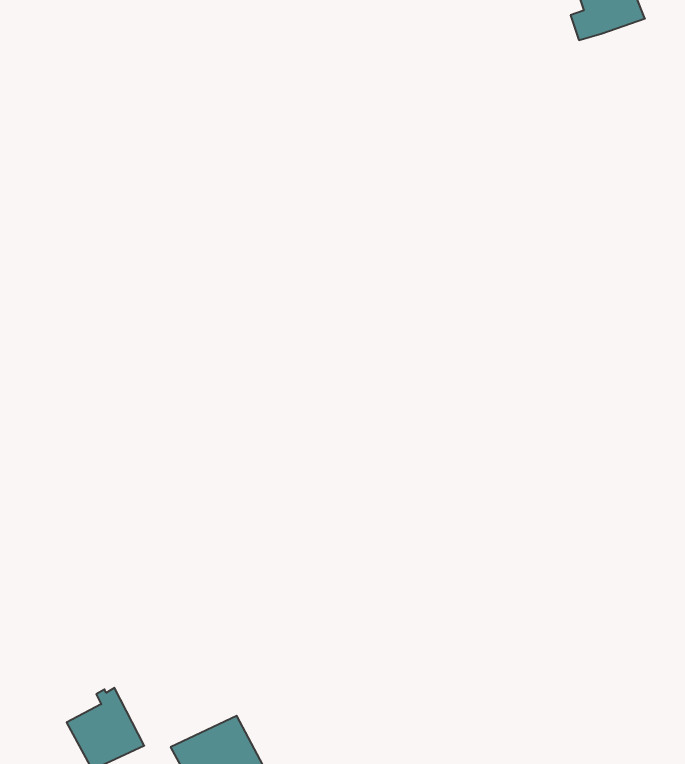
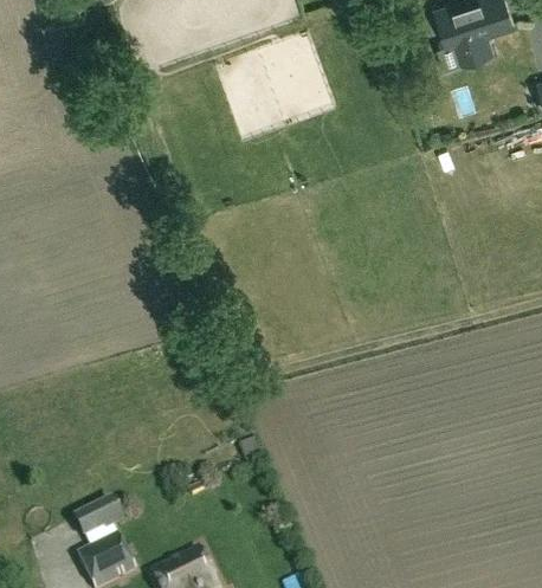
building: none -> [73,498,124,539]

